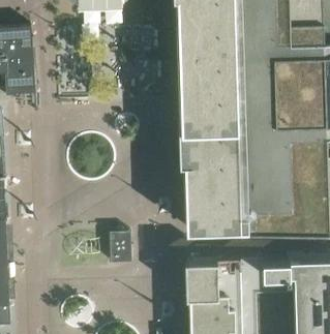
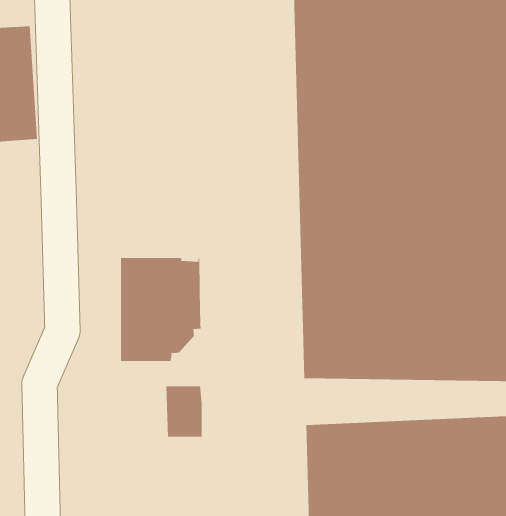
building: none -> [120,257,201,362]

